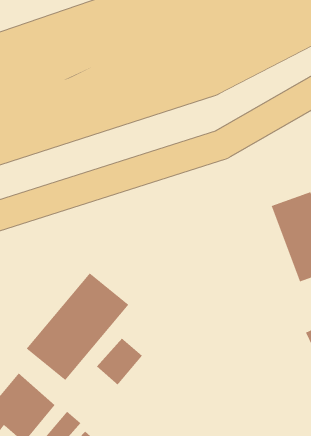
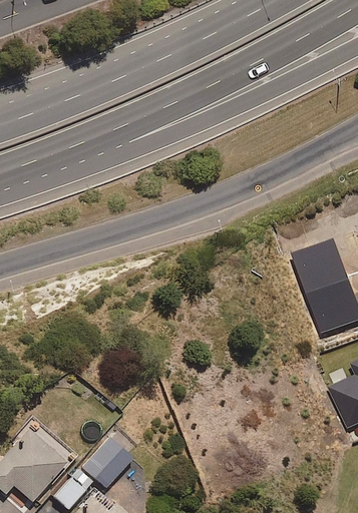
building: [26,273,129,381] -> none
building: [96,338,143,386] -> [82,438,131,488]

